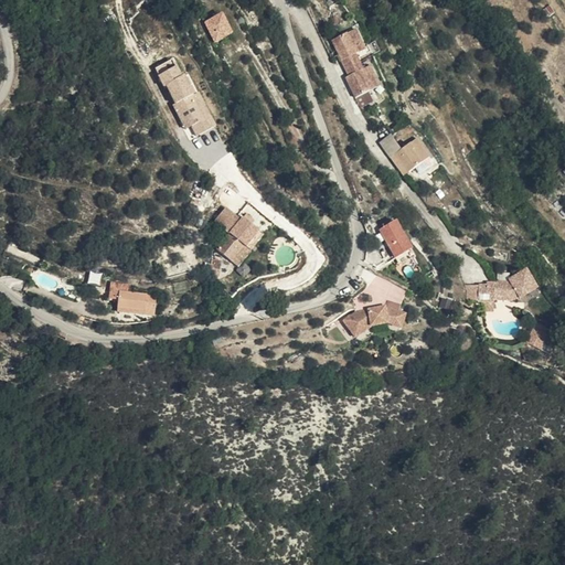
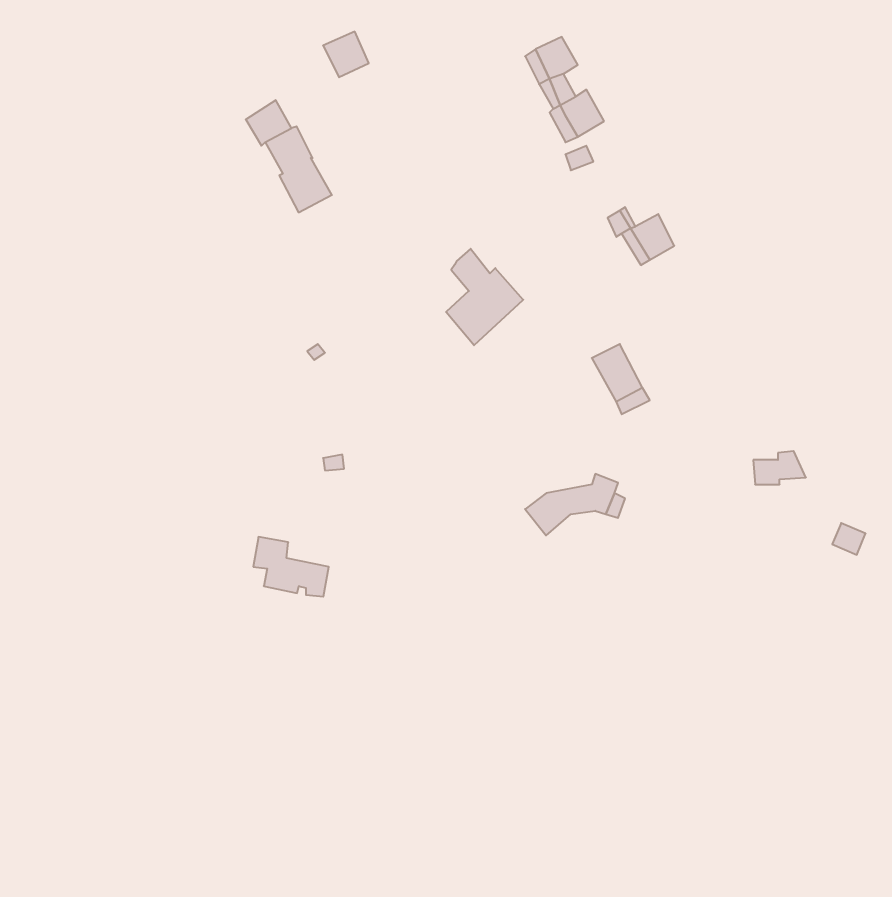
building: [216,207,265,268] -> [446,249,523,345]
building: [502,269,535,300] -> none
building: [109,277,157,315] -> [253,537,329,597]

